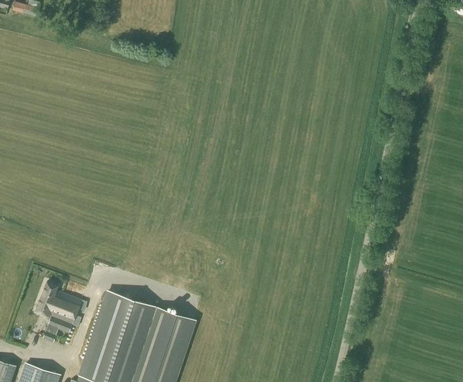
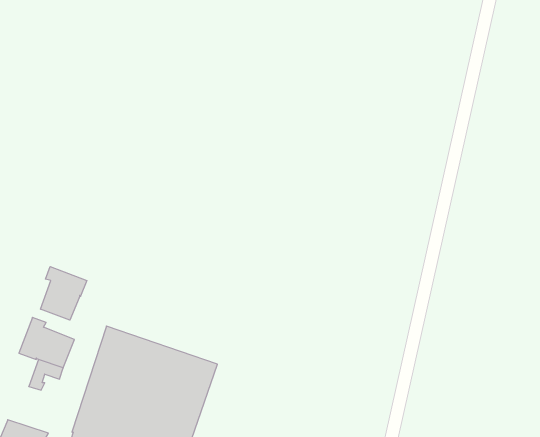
building: none -> [41,267,87,320]

